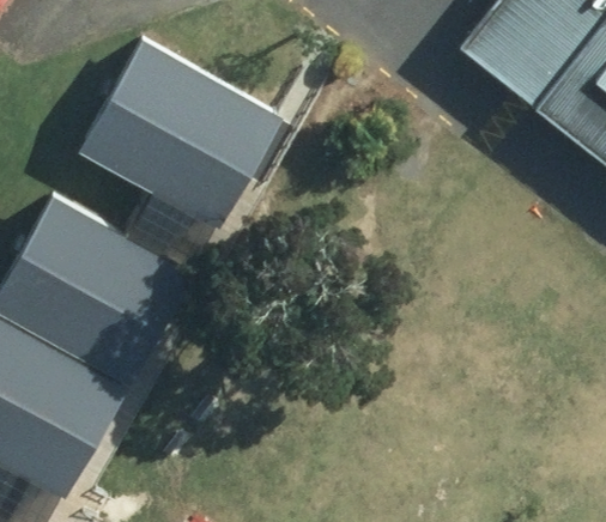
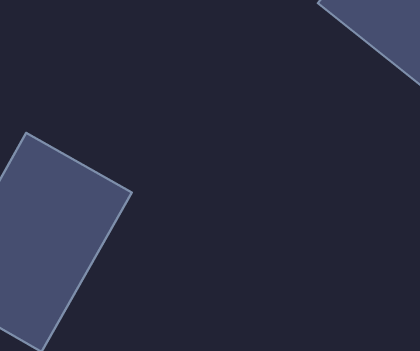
building: [79,32,291,233] -> none

